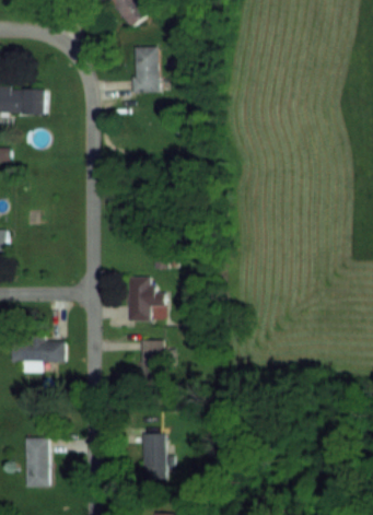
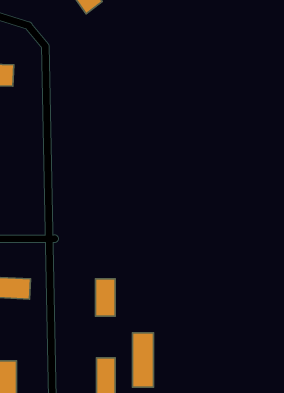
building: [133,46,158,91] -> none
building: [129,277,163,320] -> none
building: none -> [133,333,153,387]

